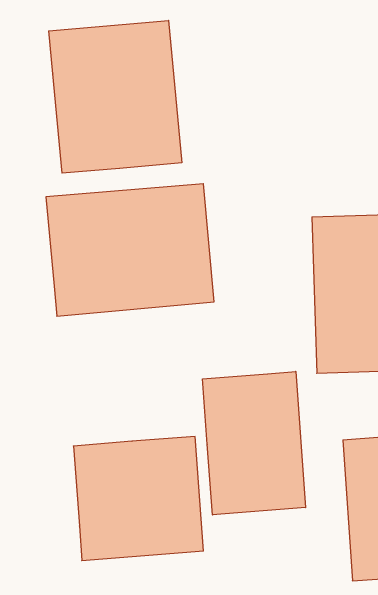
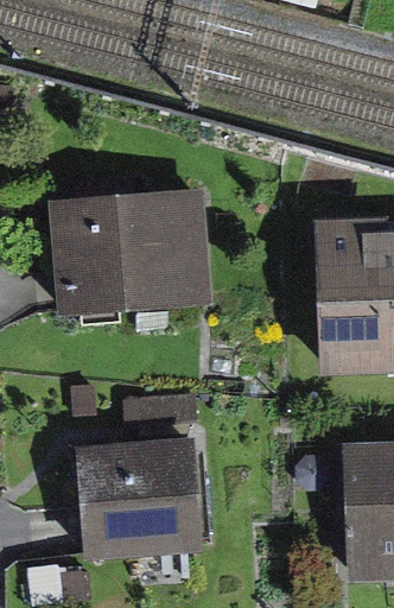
building: [49,20,182,173] -> none
building: [203,371,306,515] -> none

